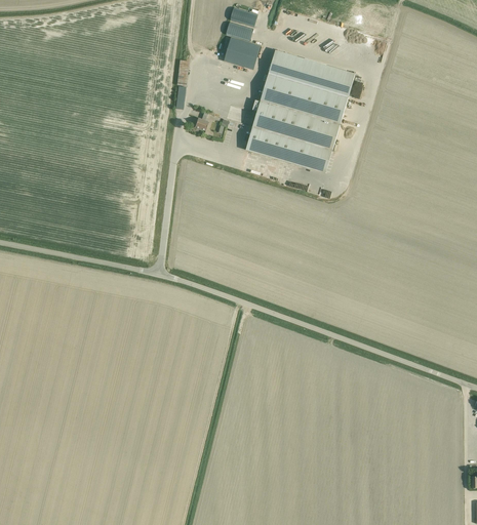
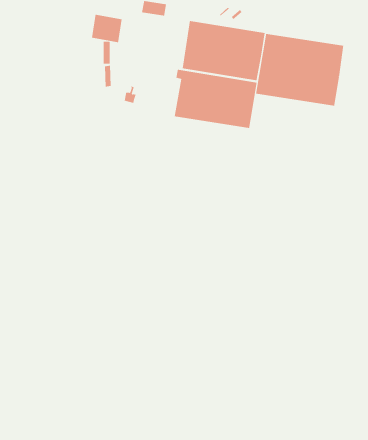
building: [224,35,260,69] -> [91,14,122,43]
building: none -> [256,33,344,107]

